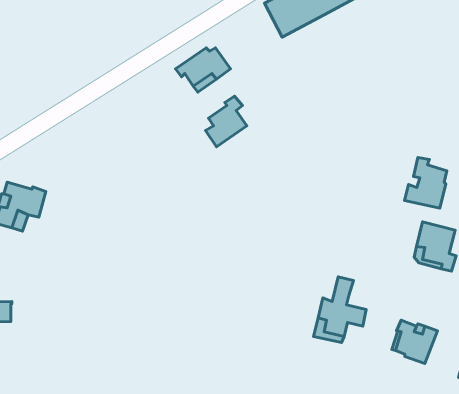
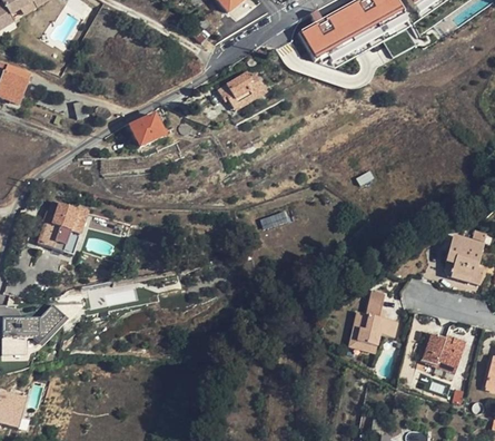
building: none -> [130,114,166,146]
building: [206,96,247,147] -> none
building: [404,157,447,208] -> none

